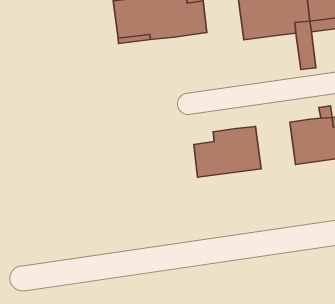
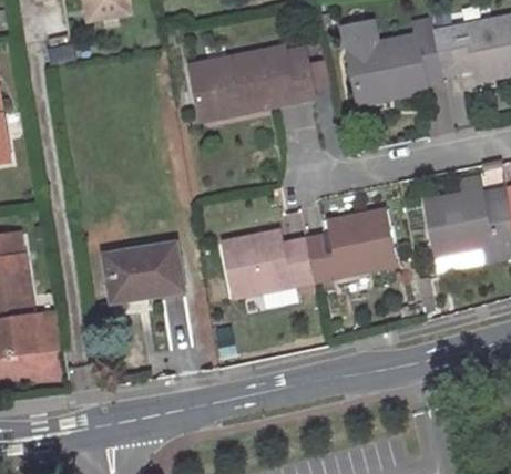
building: none -> [224,231,314,296]
building: none -> [103,243,182,300]

